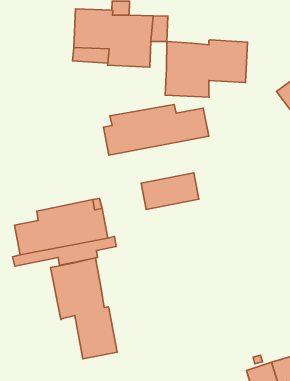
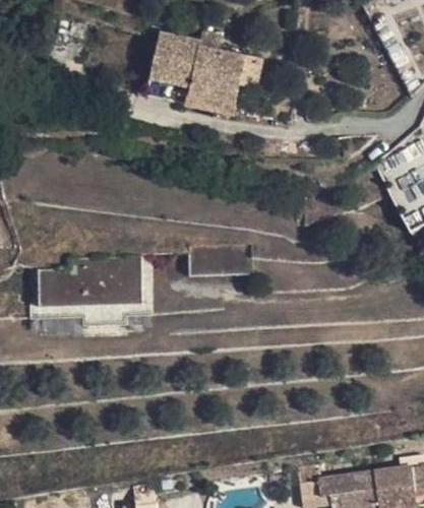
building: [165,40,248,97] -> none
building: [103,104,209,155] -> none
building: [51,258,117,359] -> none

